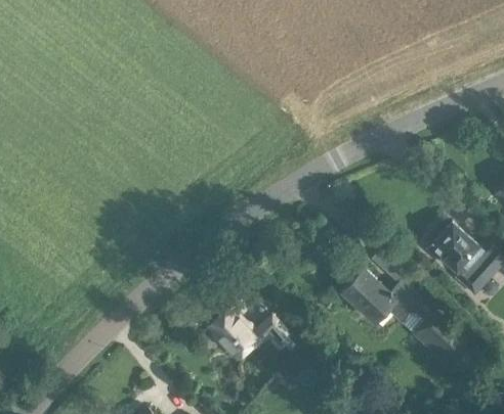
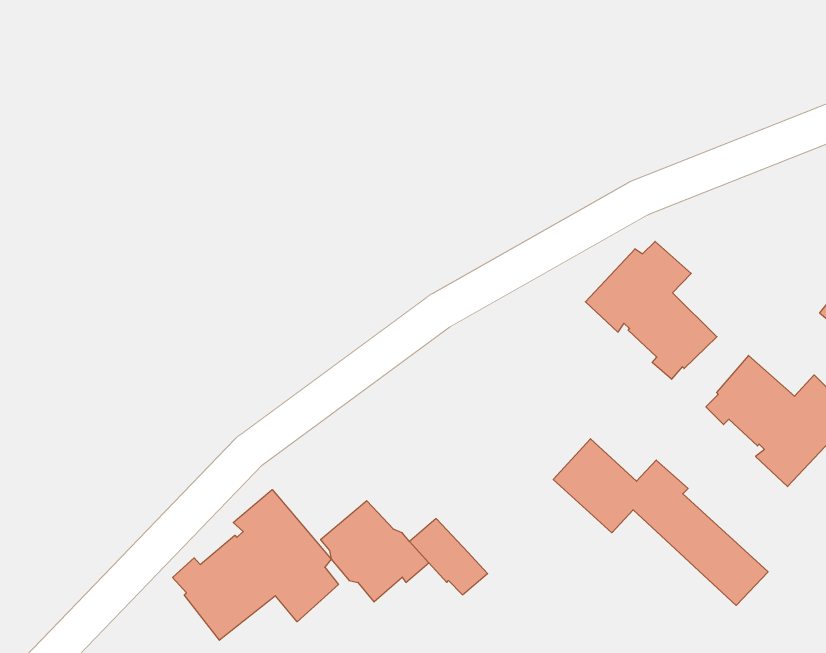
building: none -> [585,241,717,379]
building: none -> [173,490,338,640]

